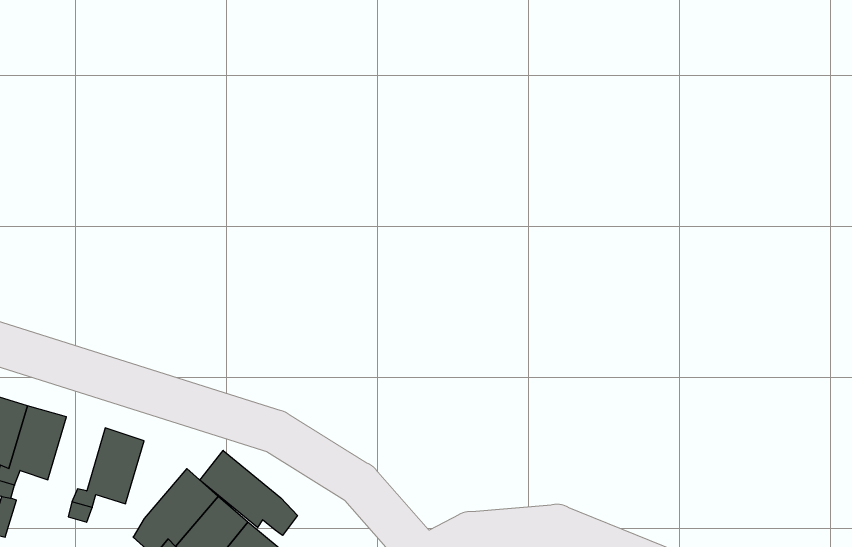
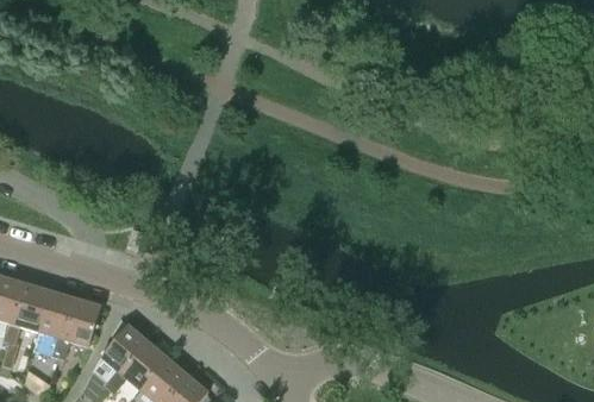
building: none -> [38,289,75,337]
building: [200,450,297,535] -> none

